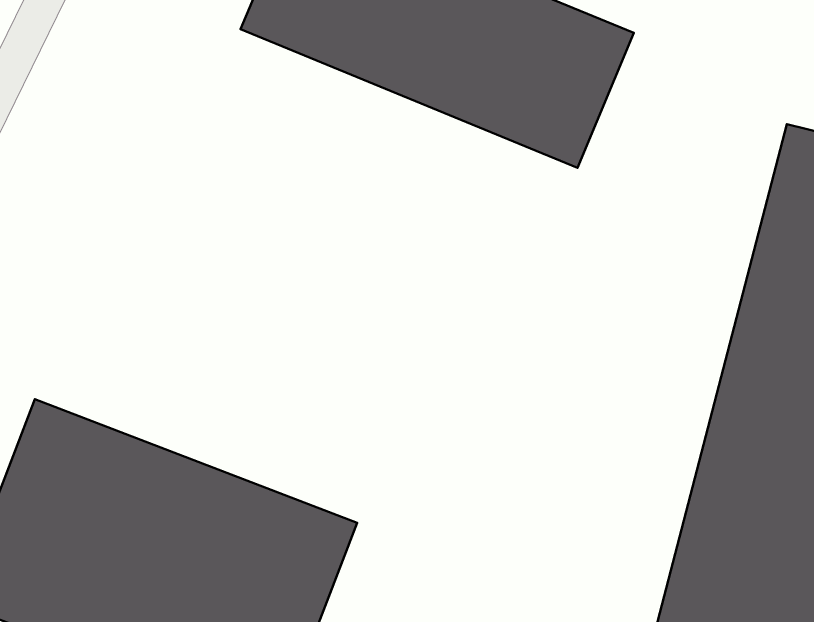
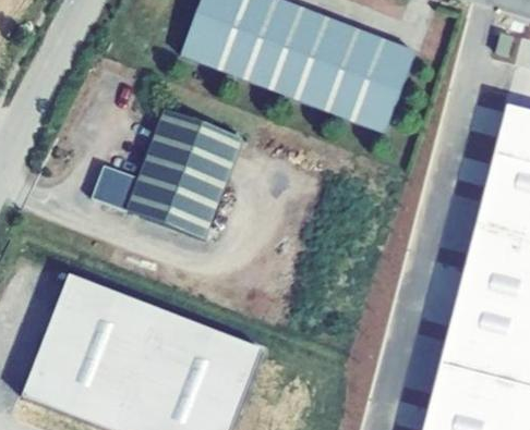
building: none -> [93,107,243,238]

